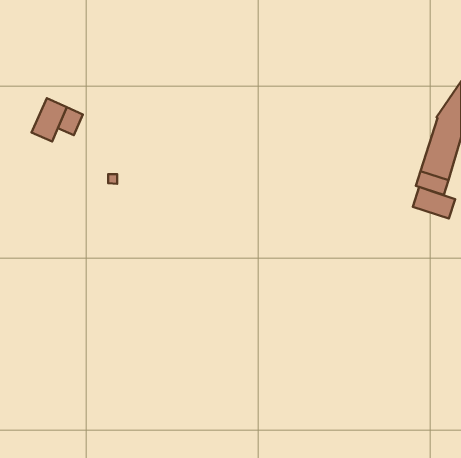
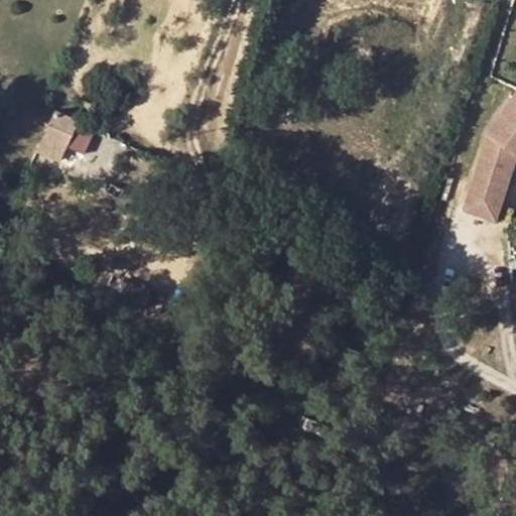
building: [413,187,455,218] -> none

